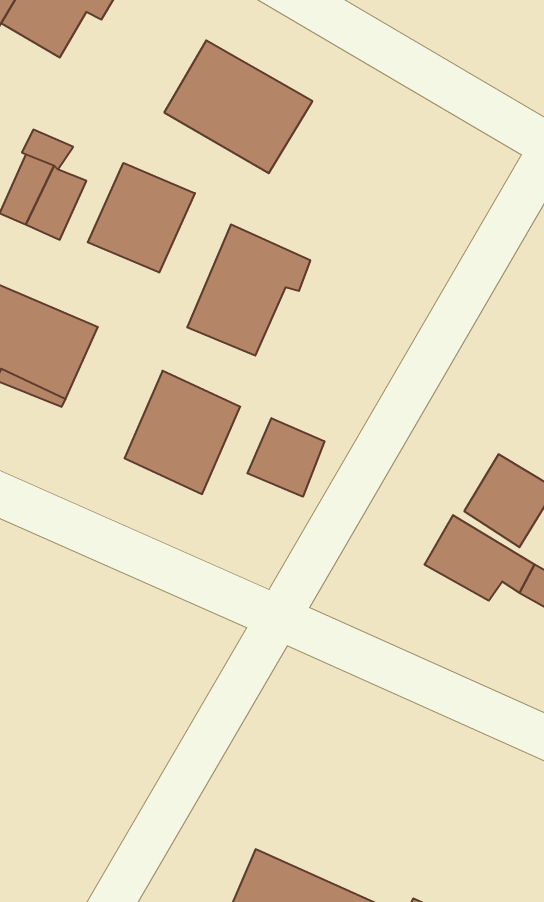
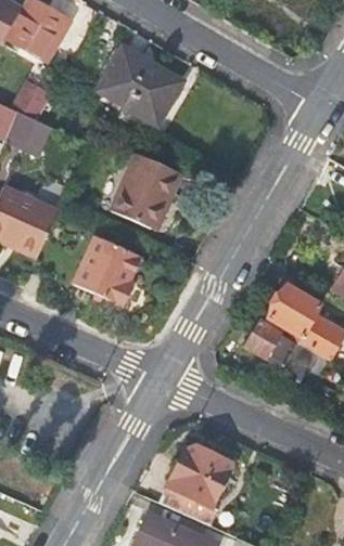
building: [88,163,195,273] -> none
building: [247,418,324,497] -> none
building: none -> [161,444,234,525]

